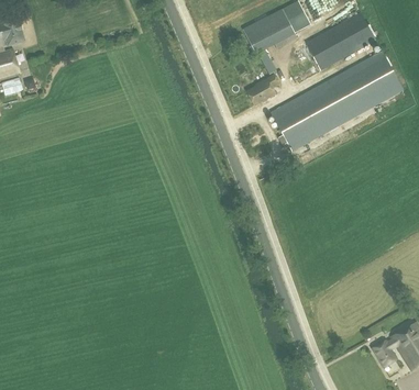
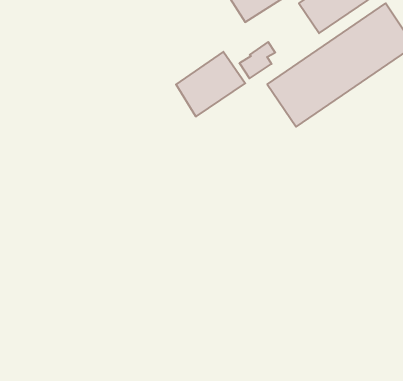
building: none -> [176,52,245,117]

